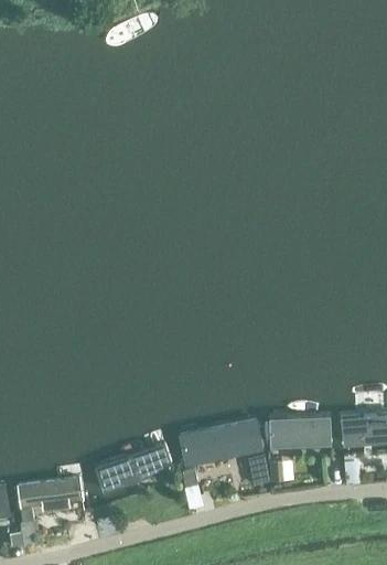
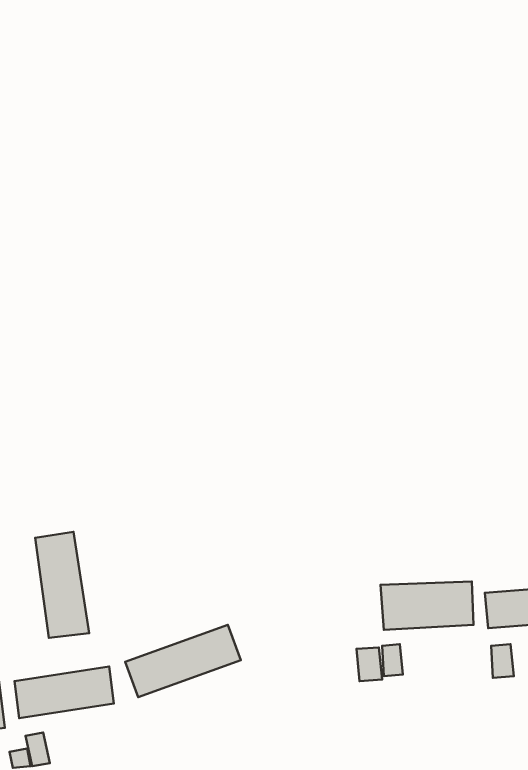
building: none -> [35,532,89,638]
building: [179,418,264,467] -> none

